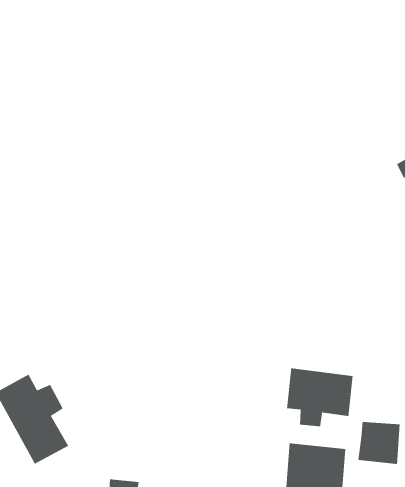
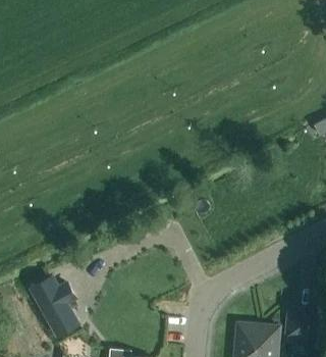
building: [286,368,353,427] -> none

